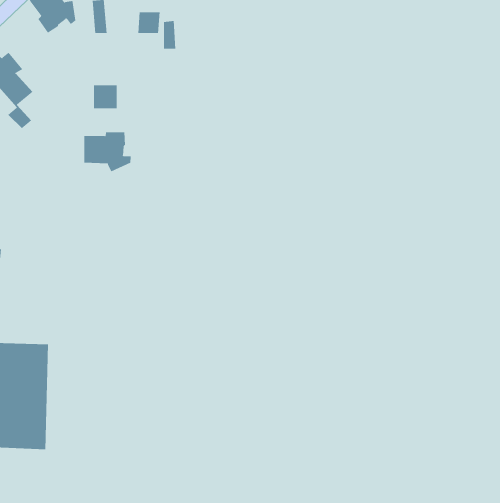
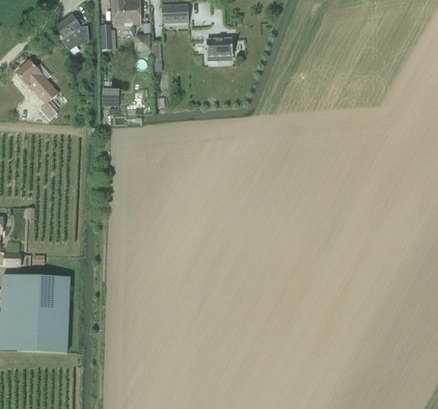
building: none -> [206,38,232,61]
building: [84,132,131,172] -> none

